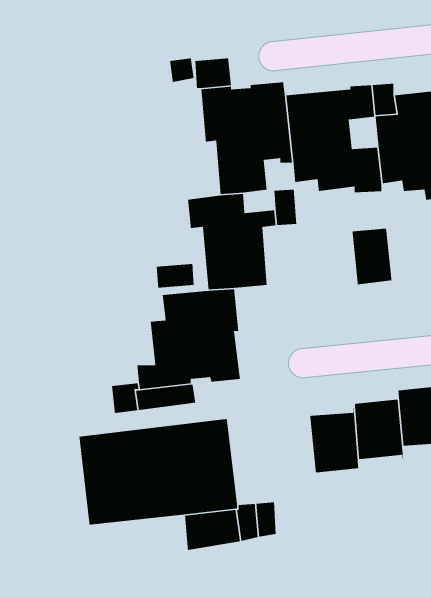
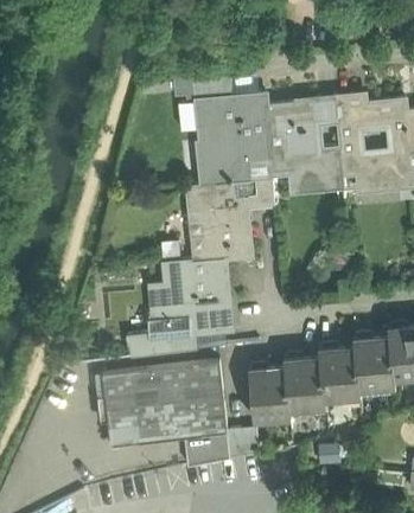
building: [350,220,394,297] -> none
building: none -> [249,358,291,422]

